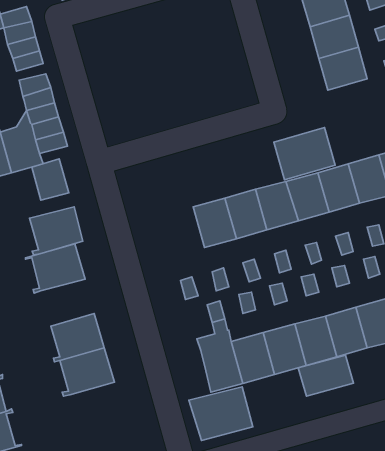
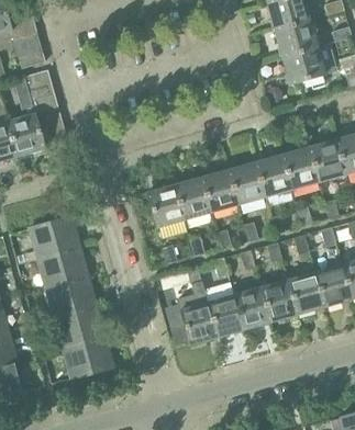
building: [274,127,335,180] -> none
building: [32,159,69,200] -> none
building: [30,207,83,255] -> [42,247,88,288]
building: none -> [147,184,184,227]
building: [298,355,354,396] -> none
building: none -> [67,336,113,377]
building: [189,387,253,441] -> none

